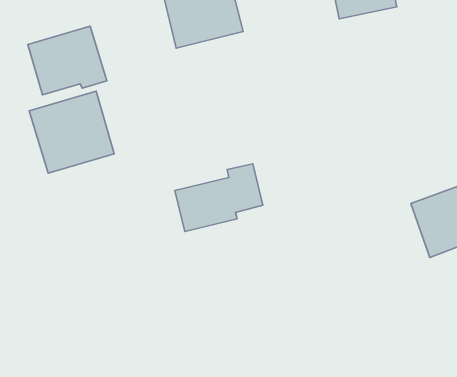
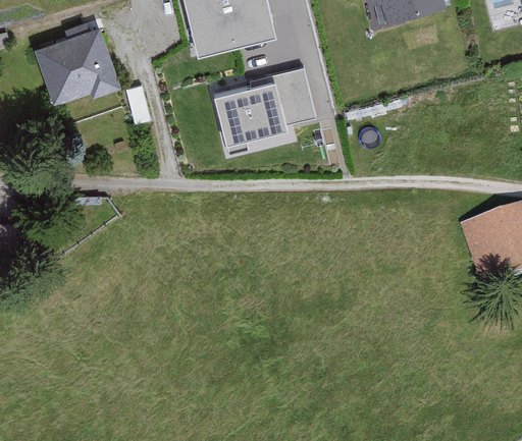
building: [29,91,114,173] -> none
building: [175,164,263,232] -> [216,69,314,145]

